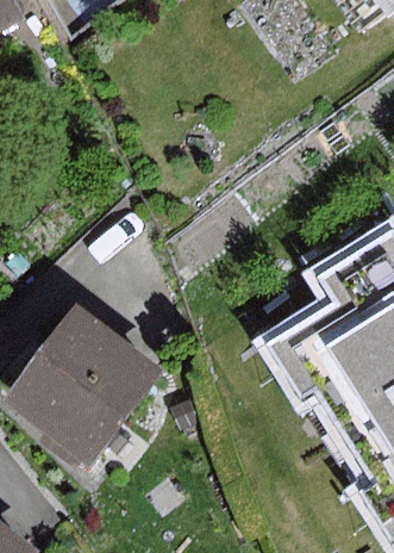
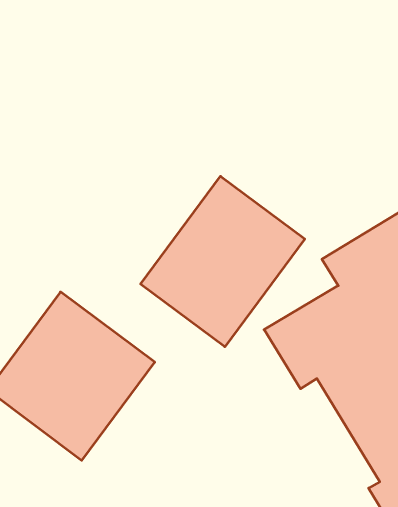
building: none -> [141,176,305,347]

